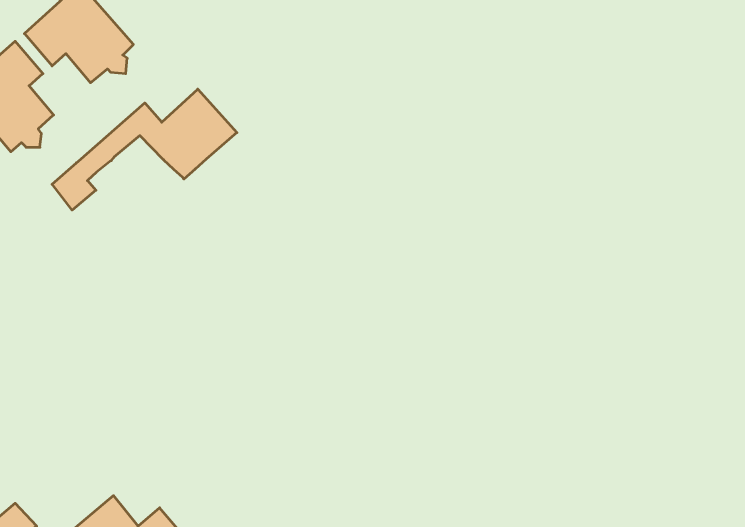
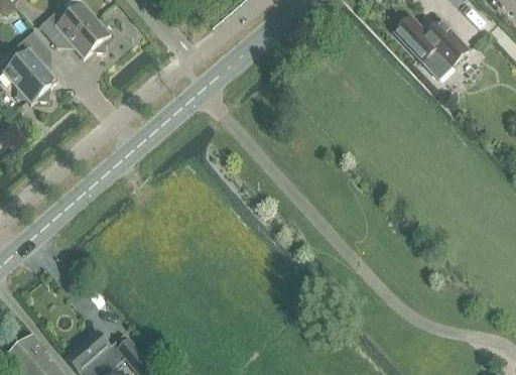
building: none -> [394,15,469,78]
building: [52,89,237,210] -> none

